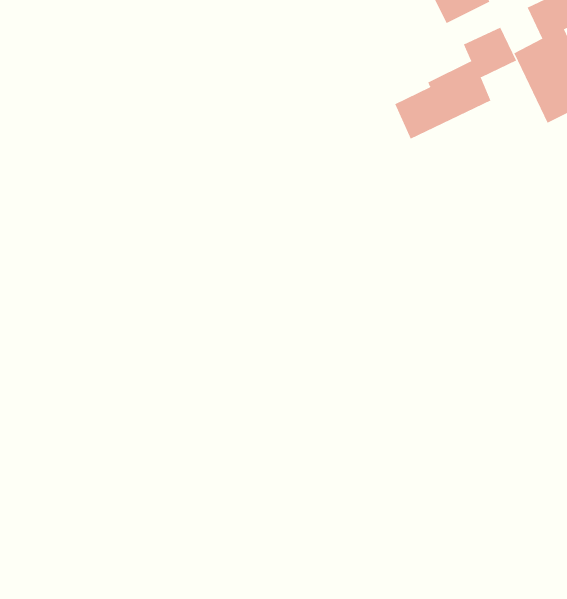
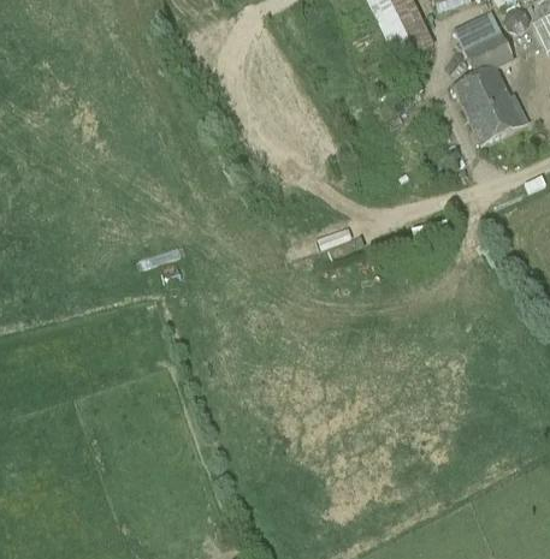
building: [394,27,517,139] -> none

